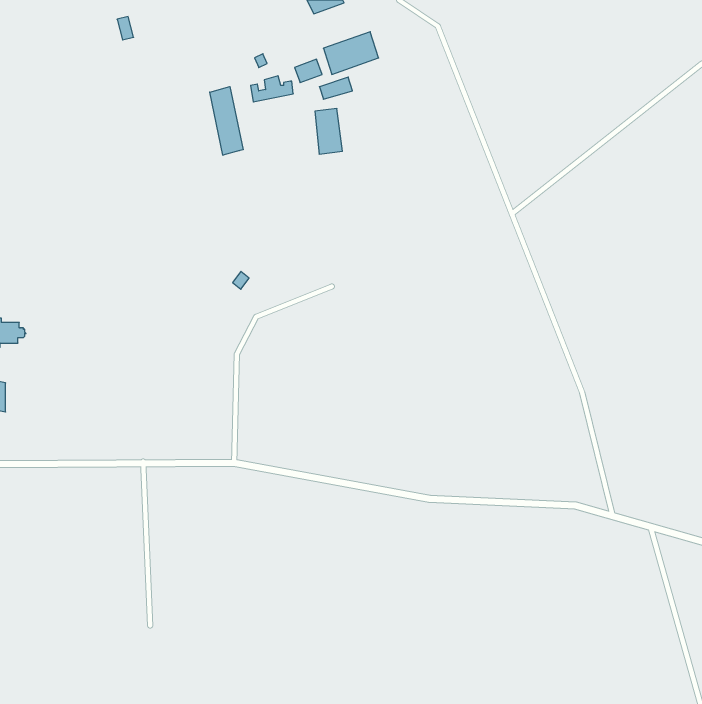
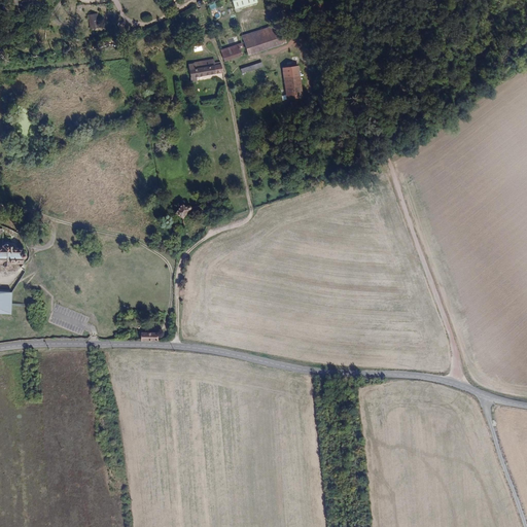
building: [210,87,243,155] -> none
building: [315,109,342,154] -> [282,66,303,100]

